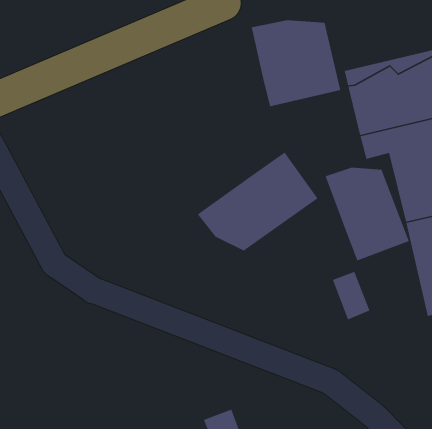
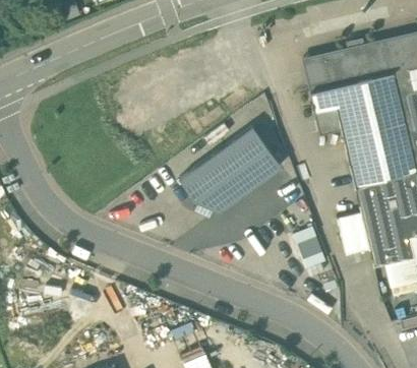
building: [251,19,341,107] -> none
building: [324,167,410,261] -> none

